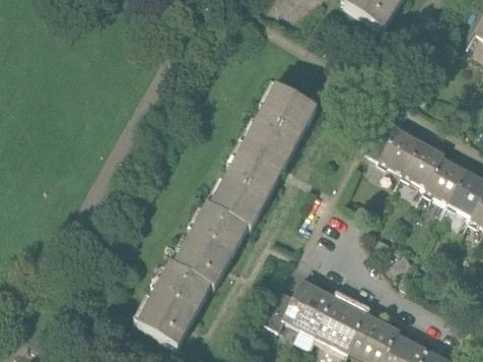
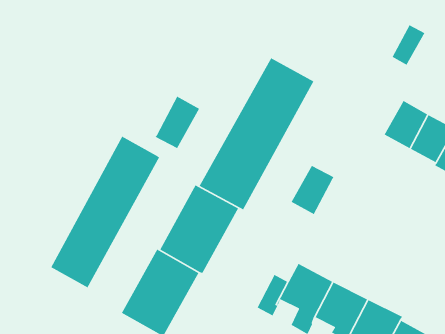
building: [364,122,396,161] -> [392,24,425,66]
building: none -> [155,96,200,149]
building: none -> [50,135,160,288]
building: none -> [291,165,334,215]

